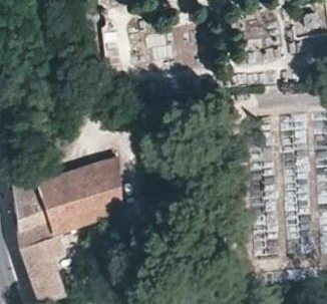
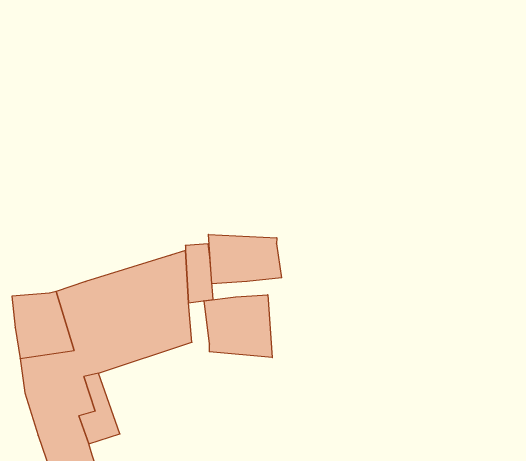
building: none -> [208,234,282,284]
building: none -> [204,295,272,358]

